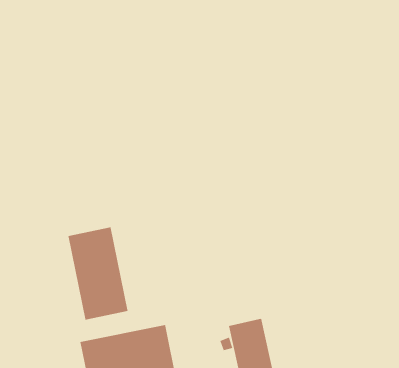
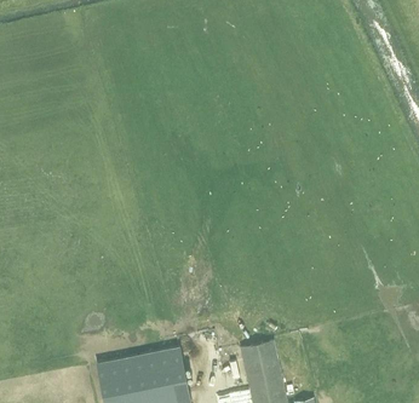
building: [68,227,128,320] -> none

